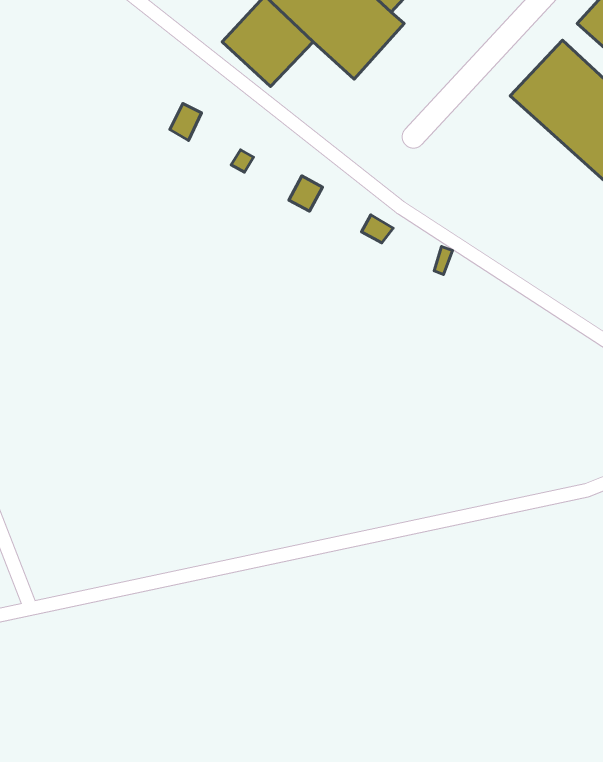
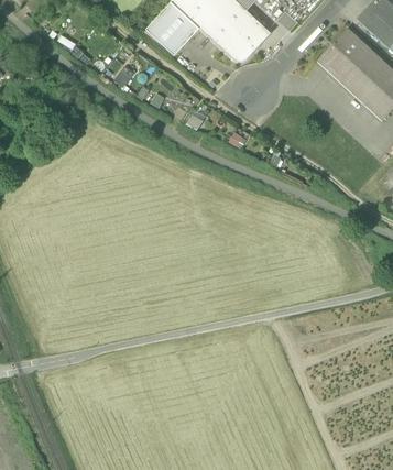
building: none -> [223,18,270,62]

